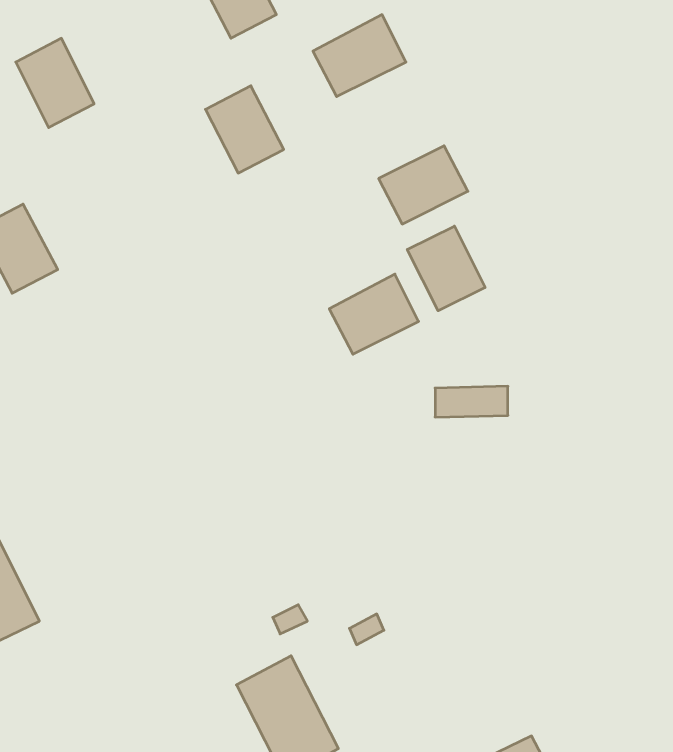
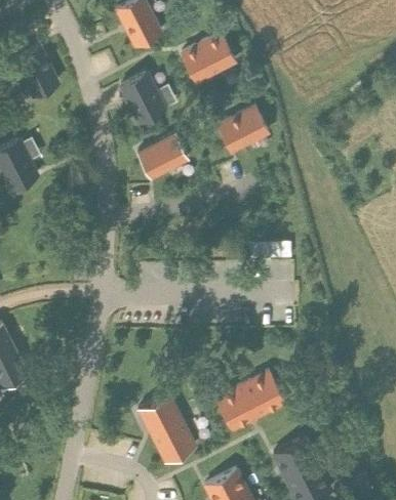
building: [407,226,485,311] -> none
building: [329,274,419,354] -> [137,135,188,180]
building: none -> [216,373,285,431]

